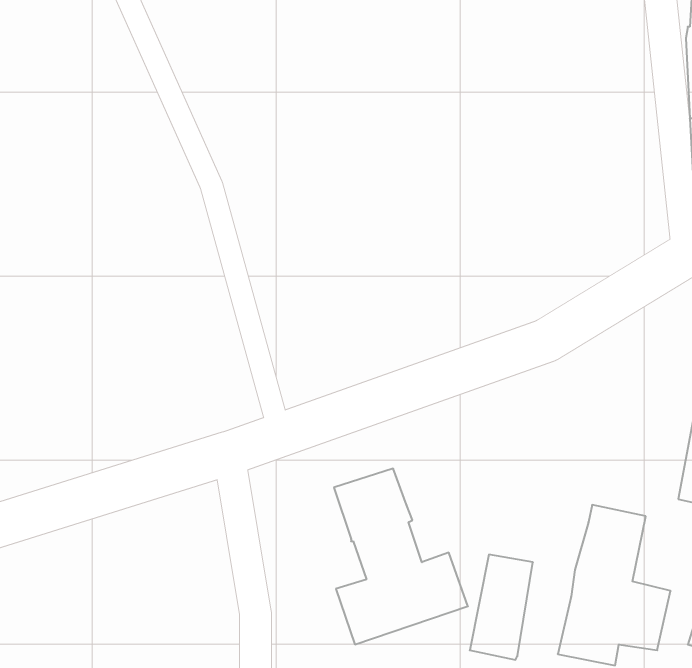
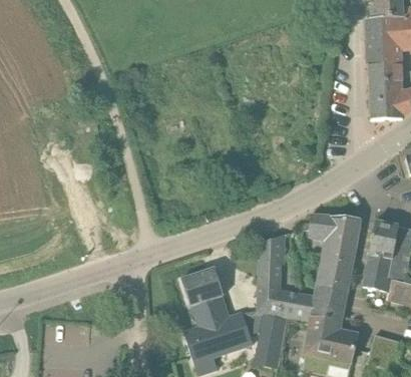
building: none -> [309,215,361,293]
building: none -> [259,235,316,321]

